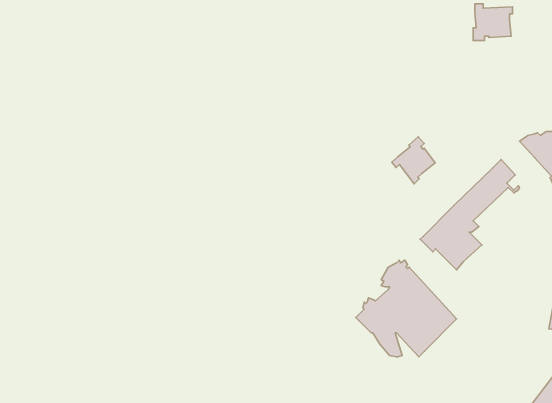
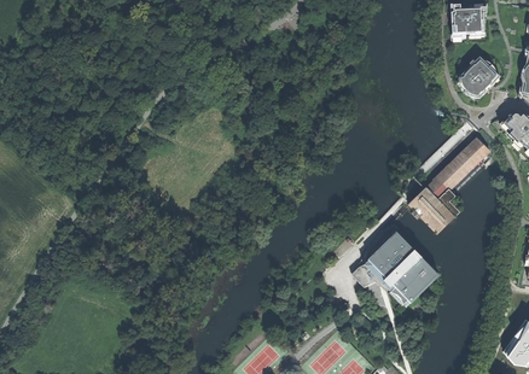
building: none -> [457,55,499,99]
building: [392,137,435,184] -> none

